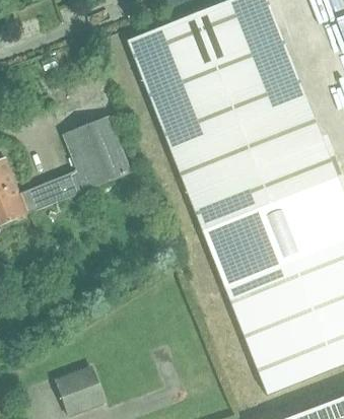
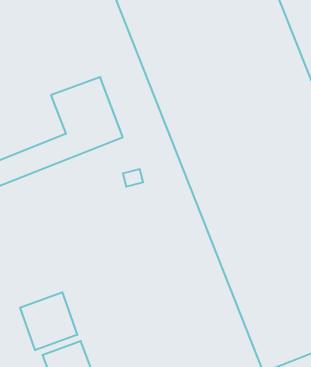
building: none -> [20,292,77,350]

